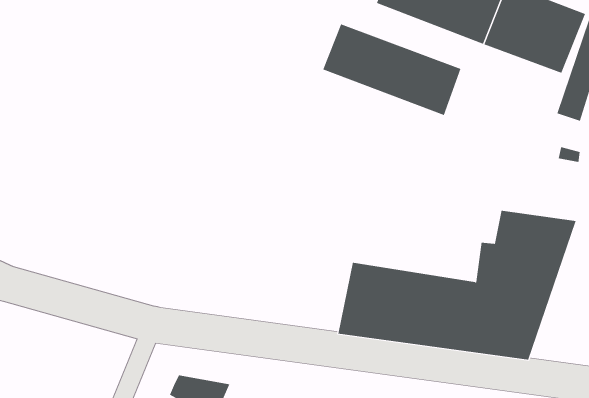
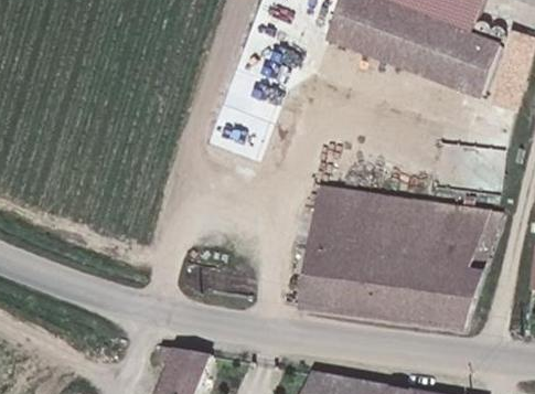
building: [323,23,461,116] -> none
building: none -> [311,190,435,268]

